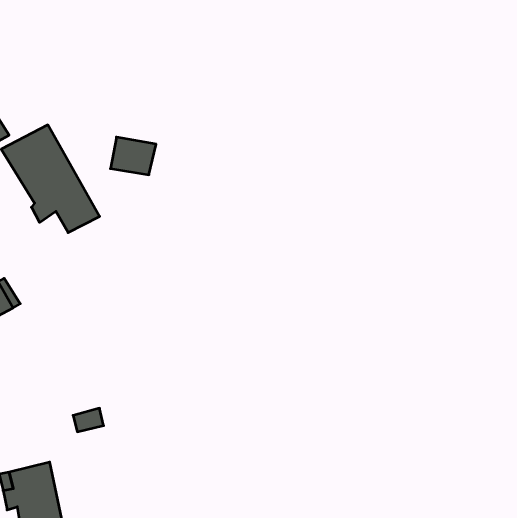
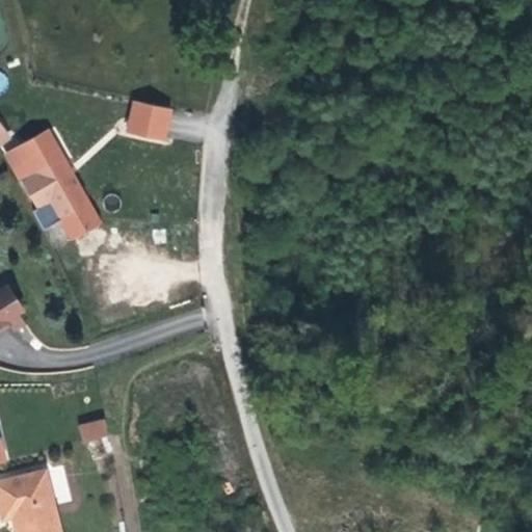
building: [110,137,156,175] -> [125,99,171,137]

